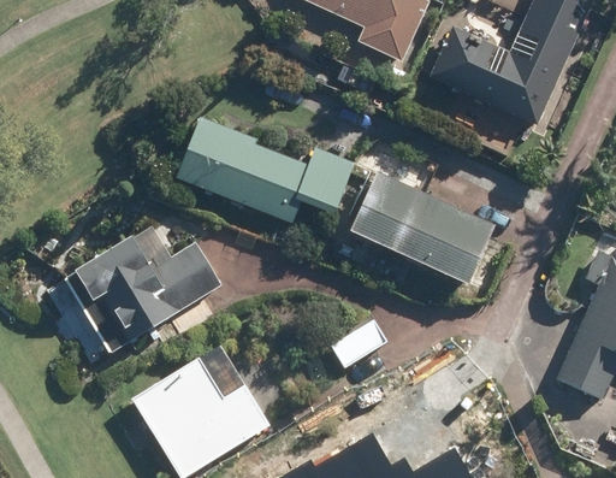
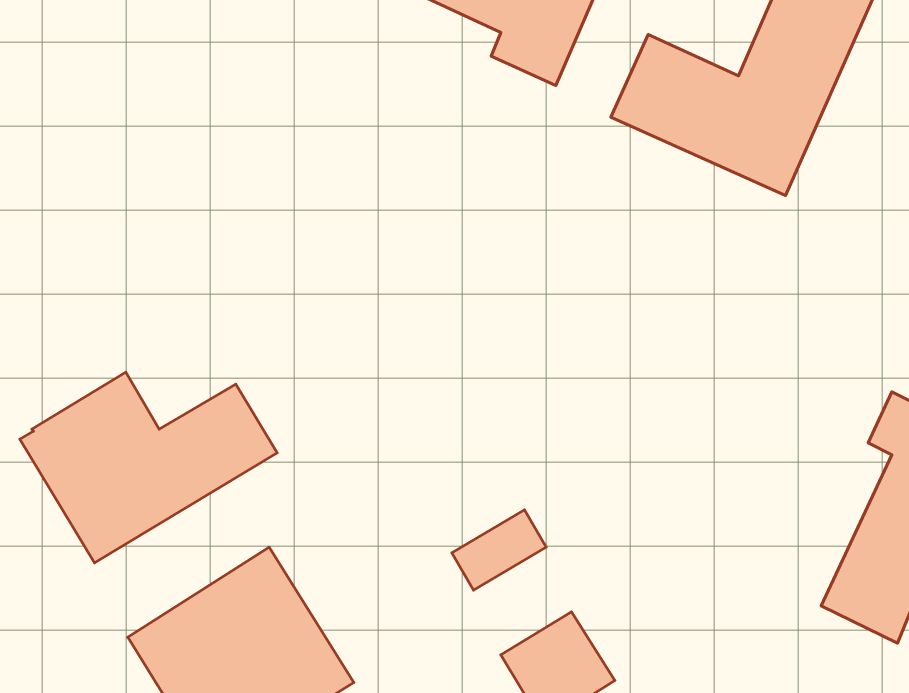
building: [177,114,354,222] -> none
building: [348,170,494,282] -> none

